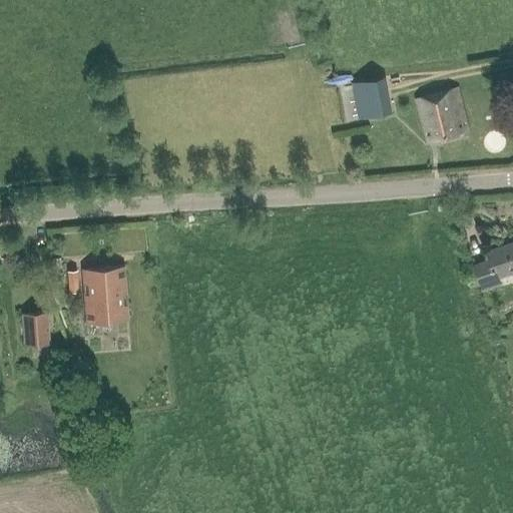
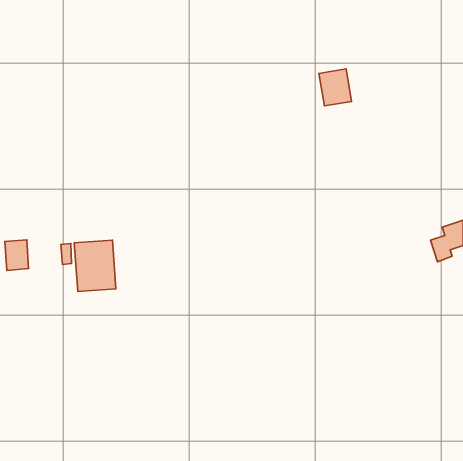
building: [418,90,468,143] -> none
building: [22,314,48,348] -> [5,240,29,270]

